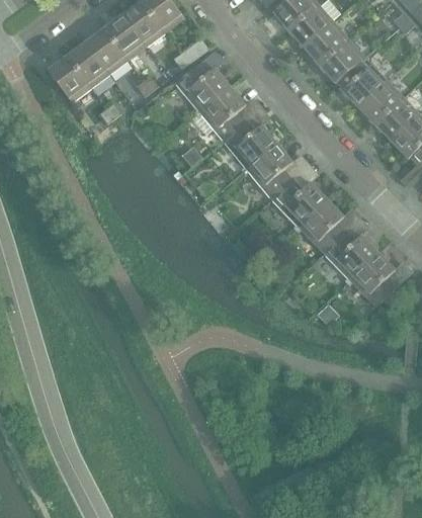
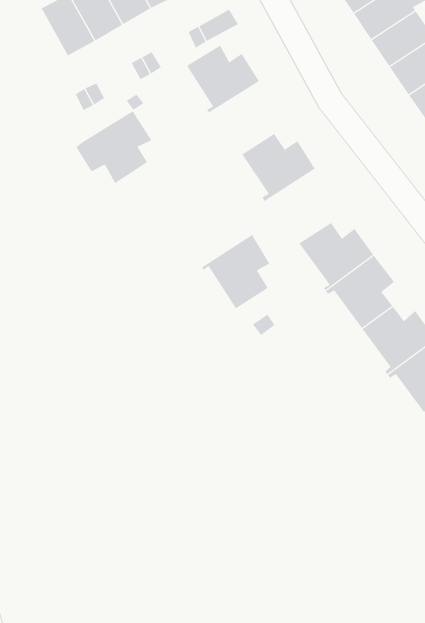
building: [49,55,91,101] -> none
building: [192,86,246,140] -> [75,110,152,184]
building: [244,143,293,197] -> [201,234,270,309]

